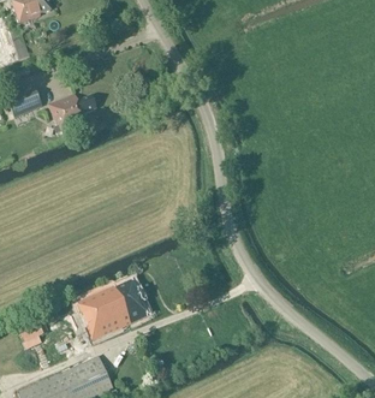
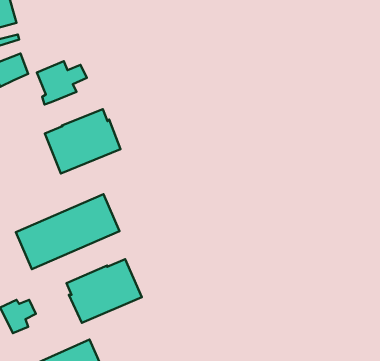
building: none -> [45,109,121,174]
building: none -> [16,194,119,269]

